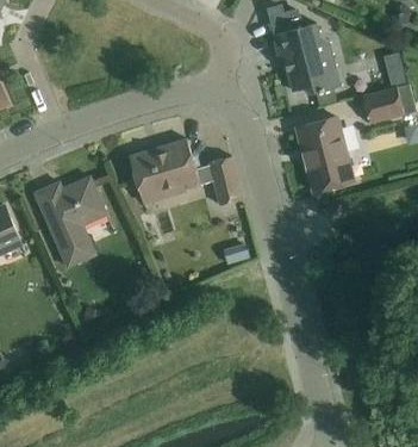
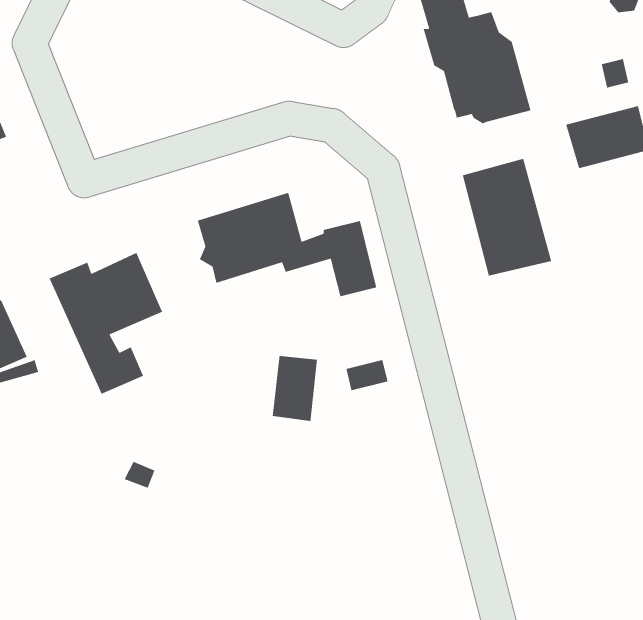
building: none -> [272,355,318,422]

